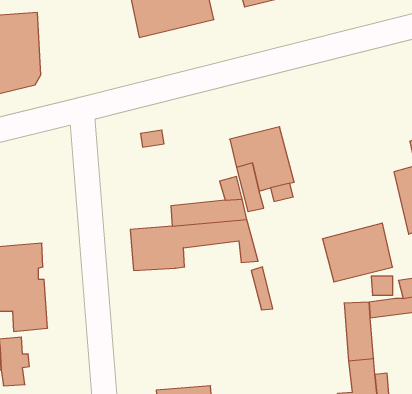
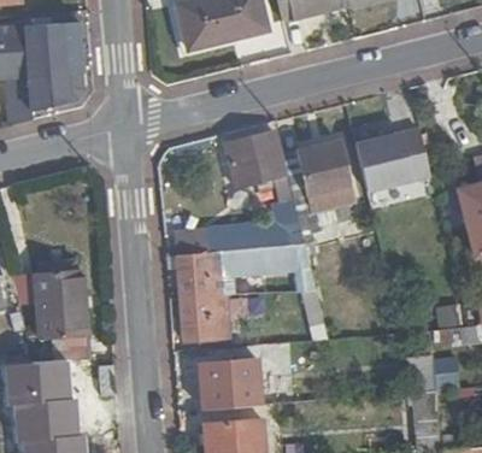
building: none -> [225,133,289,194]
building: [322,223,393,282] -> [355,129,430,192]
building: none -> [182,294,229,339]
building: none -> [202,359,263,407]

